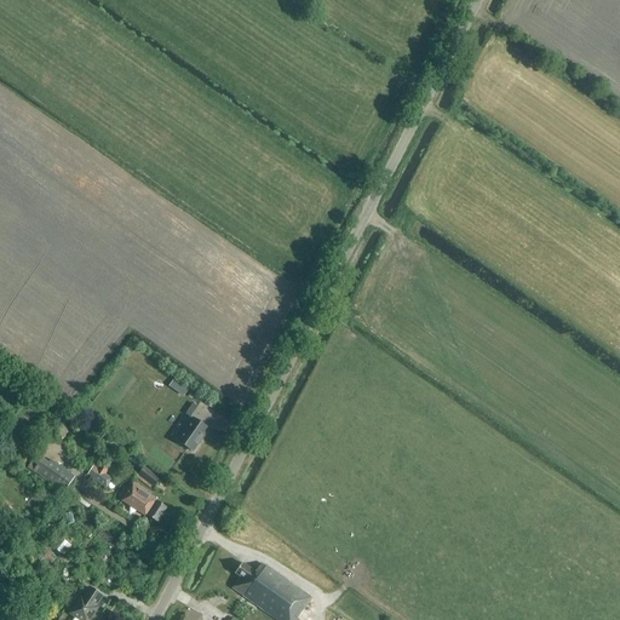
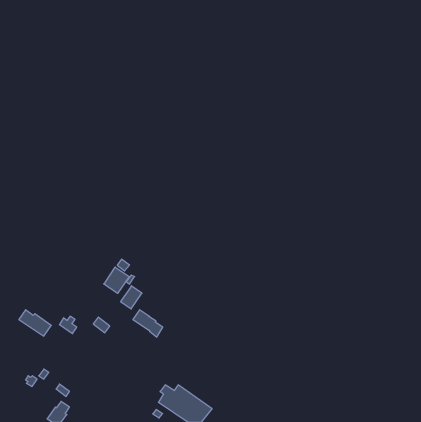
building: none -> [104,267,129,293]
building: [125,484,168,524] -> [133,310,163,337]

